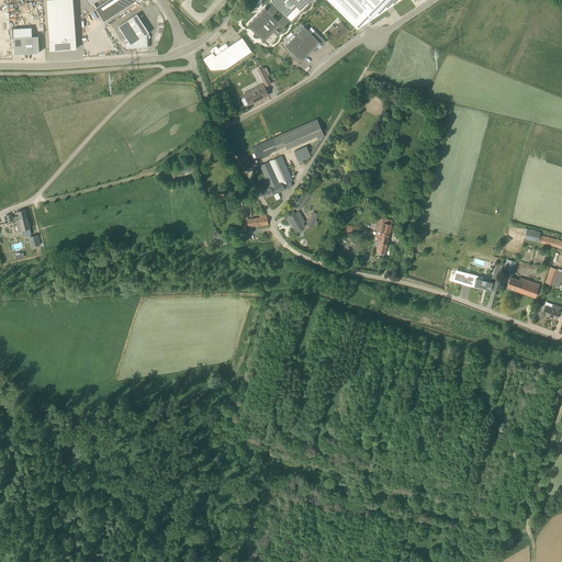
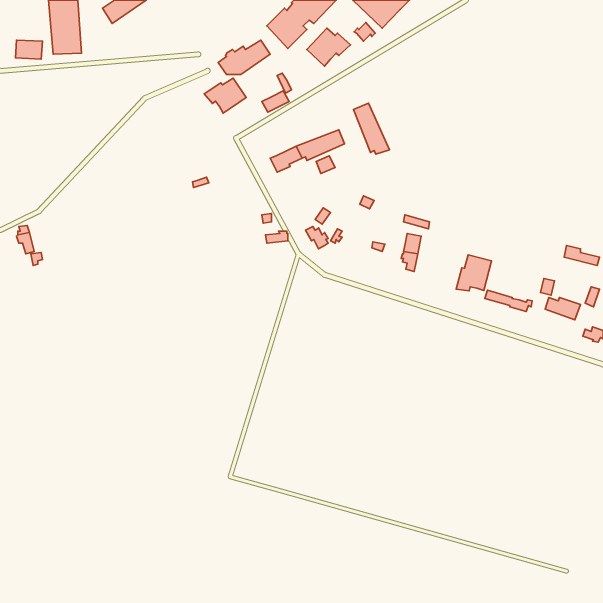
building: [119,14,149,49] -> none
building: none -> [204,78,246,113]
building: none -> [353,103,389,154]
building: [260,156,293,198] -> none
building: none -> [456,255,492,291]

